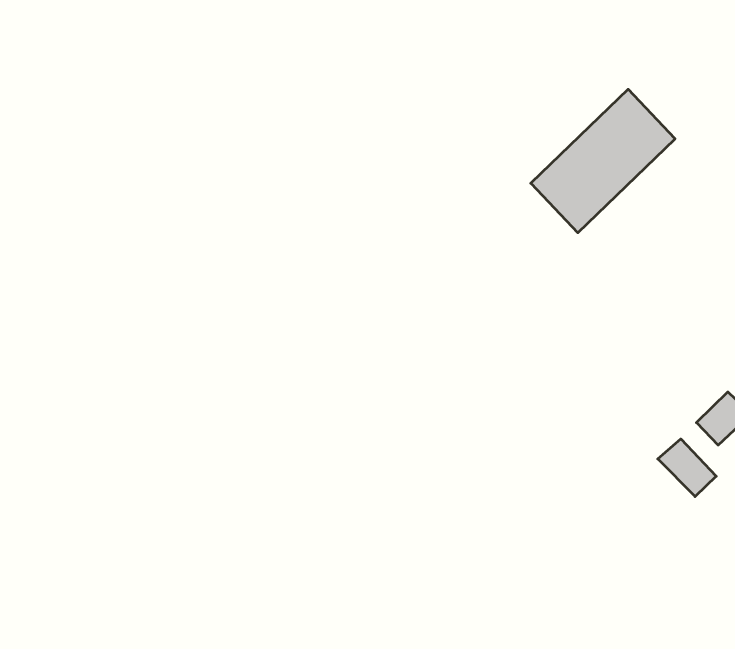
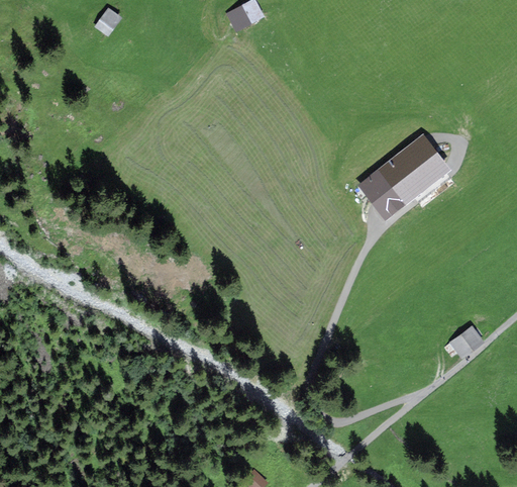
building: [658,439,716,497] -> none

